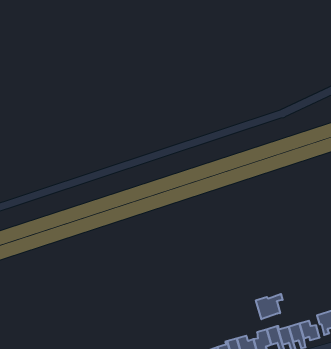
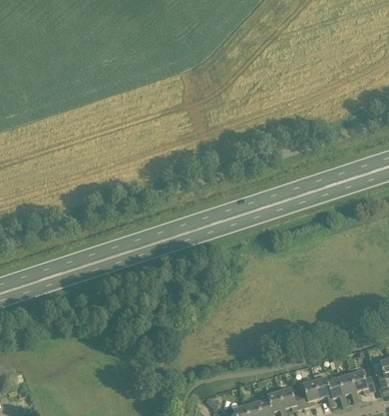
building: [256,294,283,319] -> none

